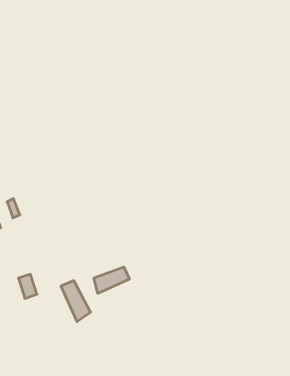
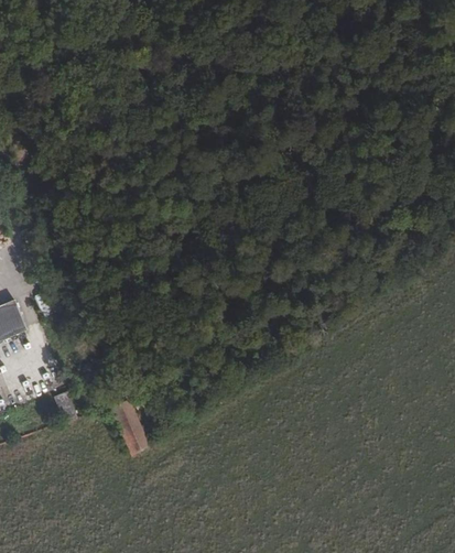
building: [94,267,129,293] -> none

